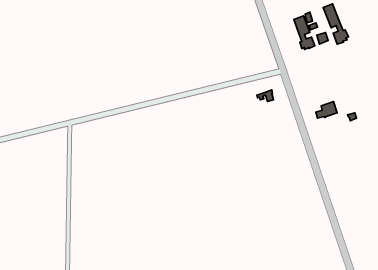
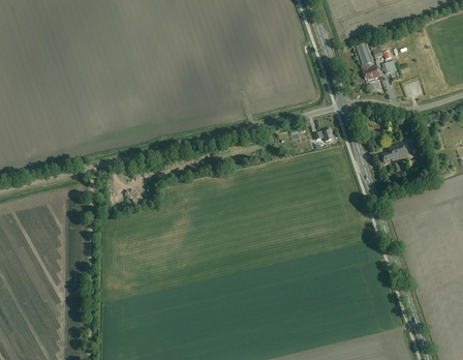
building: [323,4,348,44] -> none

